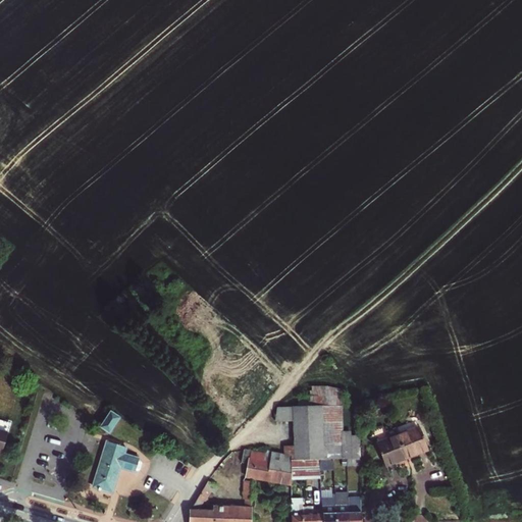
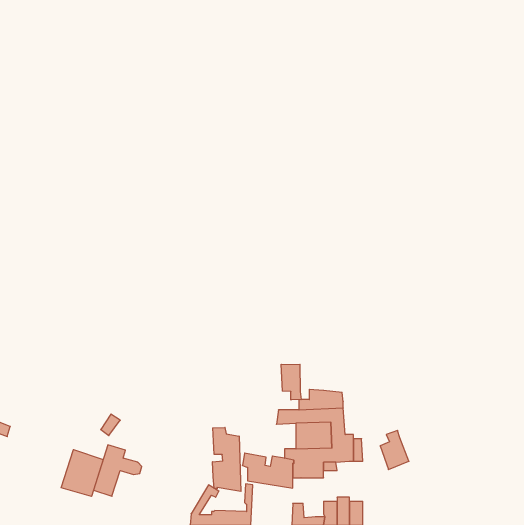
building: none -> [281,364,301,400]
building: none -> [213,427,241,491]
building: [397,427,425,458] -> none
building: none -> [61,450,103,496]

